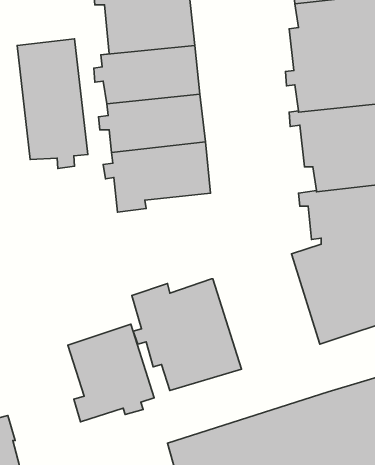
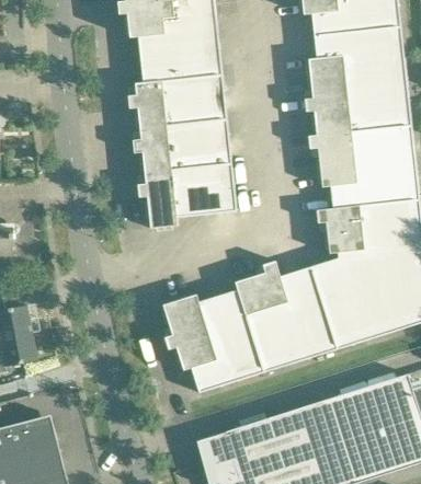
building: [17,39,88,169] -> none
building: none -> [234,261,335,372]
building: [68,324,154,422] -> none

